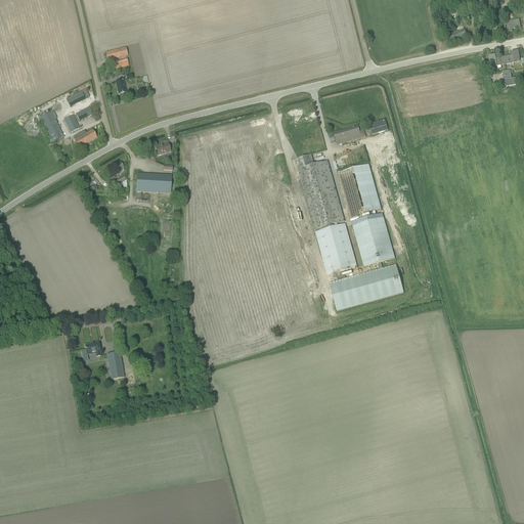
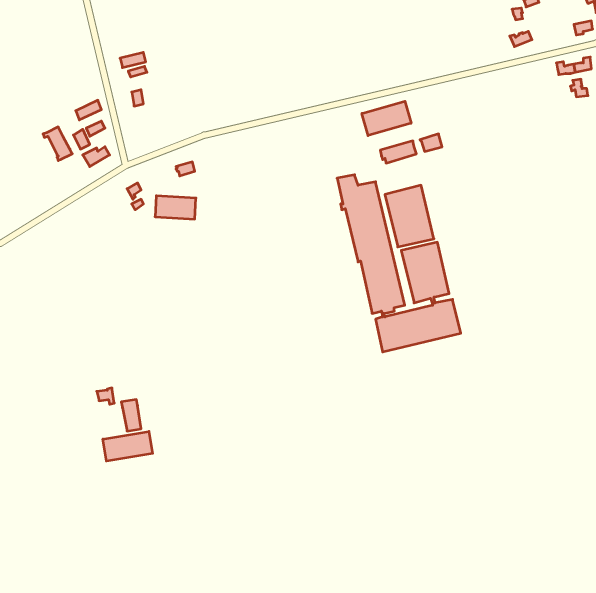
building: none -> [362,101,411,136]
building: none -> [103,431,153,461]

